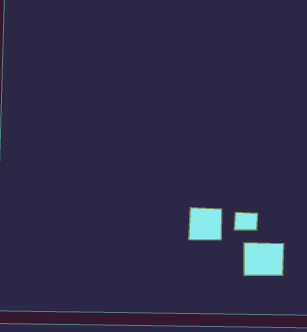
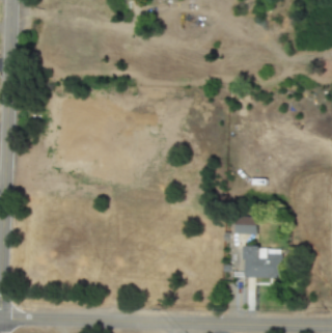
building: [189,207,222,240] -> none

